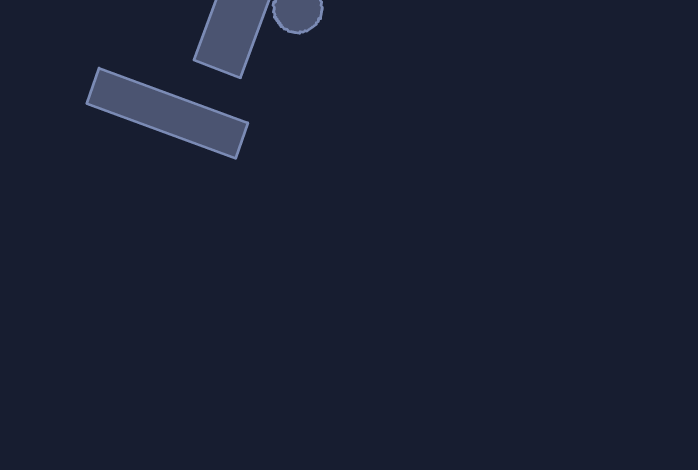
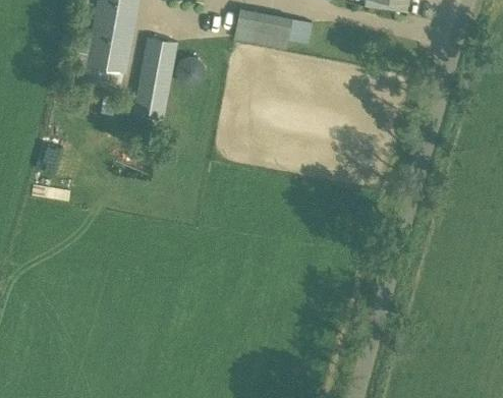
building: [87,68,248,158] -> none

